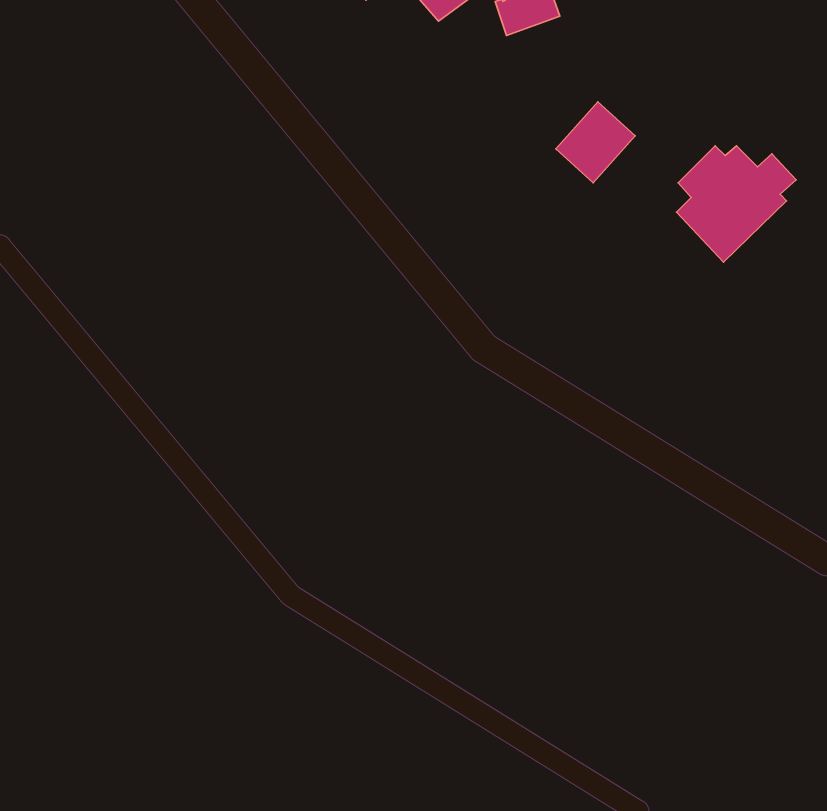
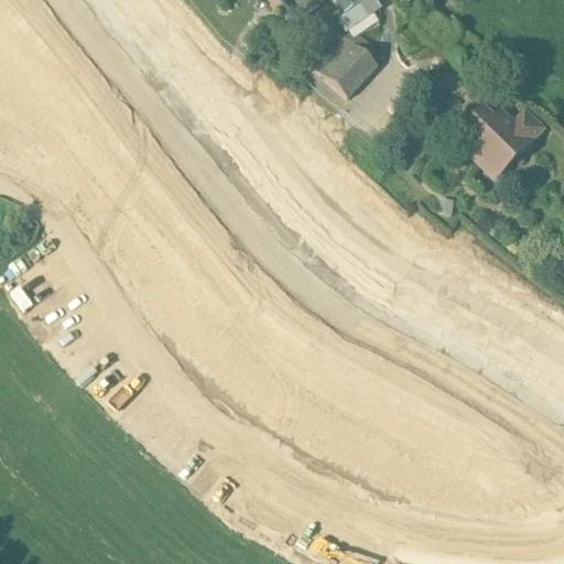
building: [556,102,635,183] -> [324,35,378,90]

